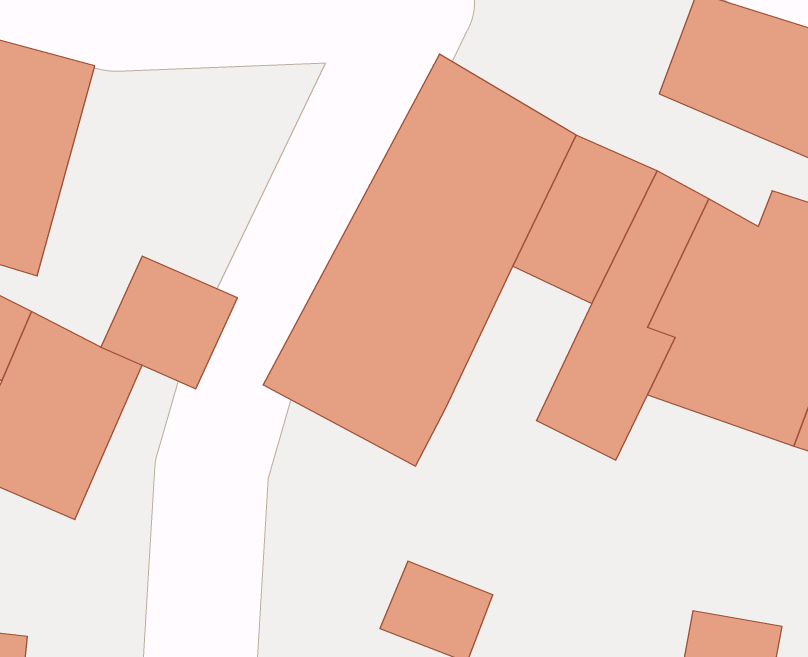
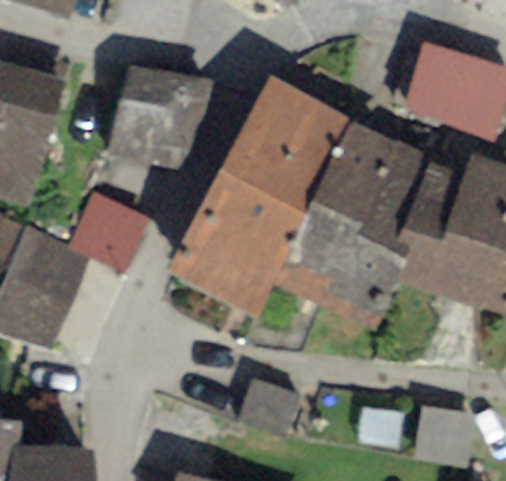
building: none -> [104,64,215,173]
building: none -> [274,199,362,307]

